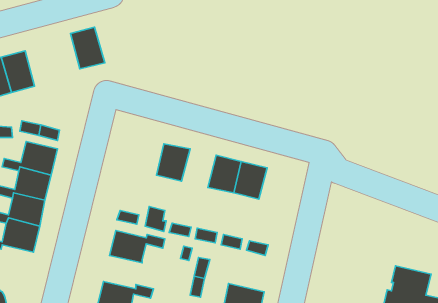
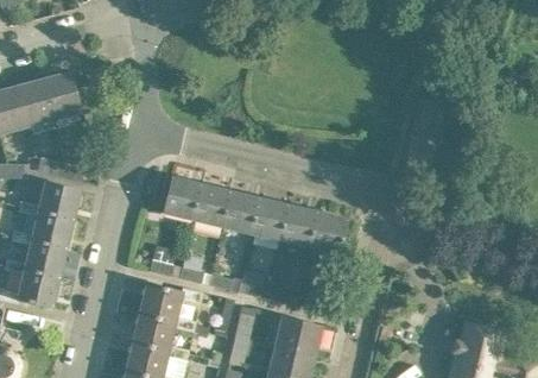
building: [71,27,105,69] -> [44,71,83,119]
building: none -> [164,177,202,220]
building: none -> [222,190,261,234]
building: none -> [310,212,348,254]
building: none -> [133,311,196,349]
building: none -> [276,315,323,353]

